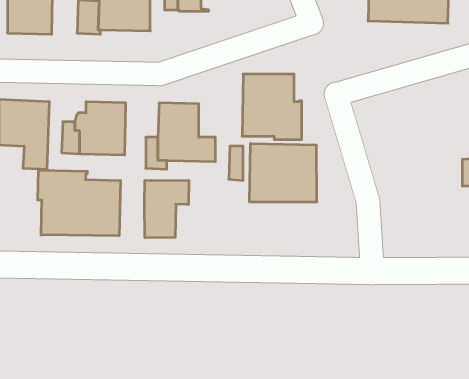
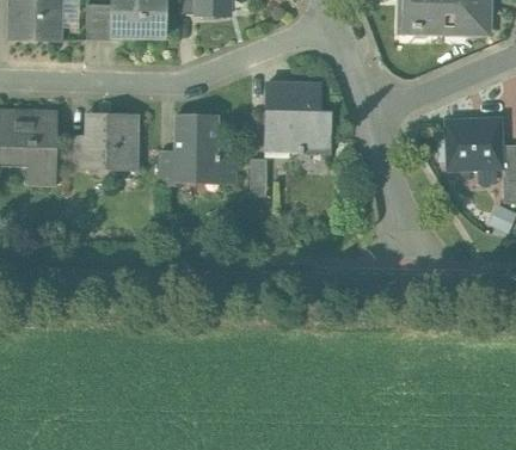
building: none -> [444,119,502,171]
building: [250,143,317,202] -> none
building: [38,170,120,236] -> none
building: [145,180,189,238] -> none

